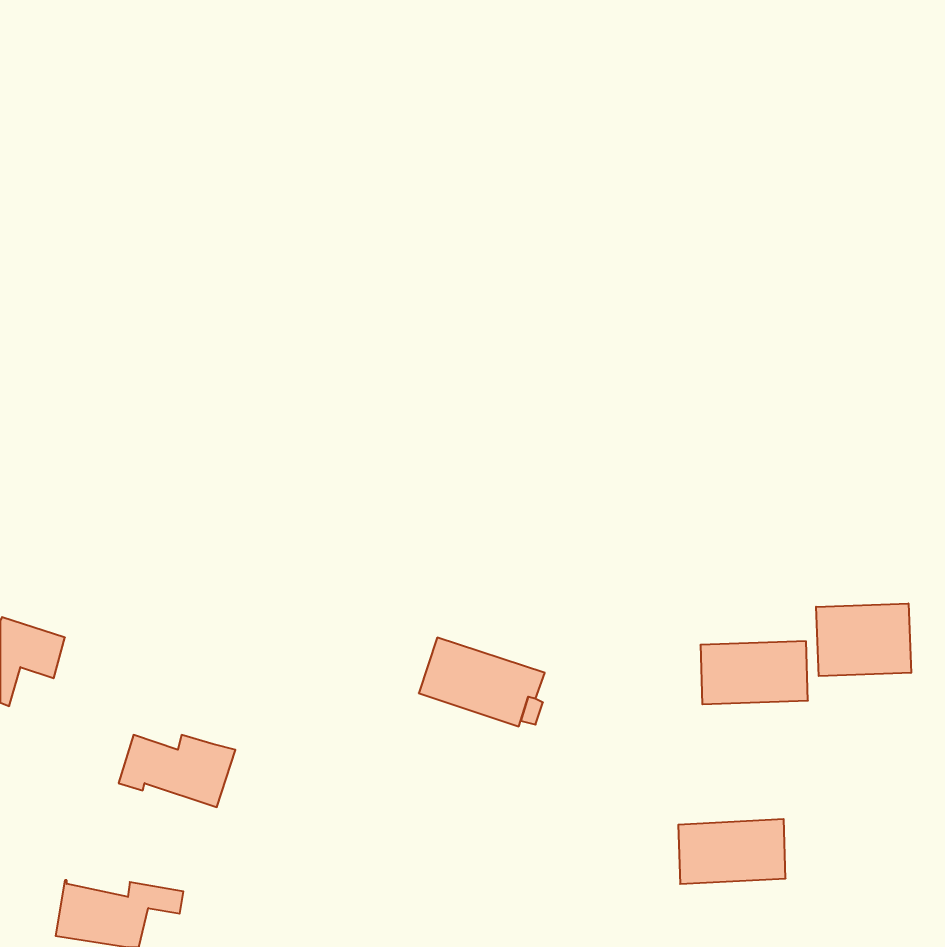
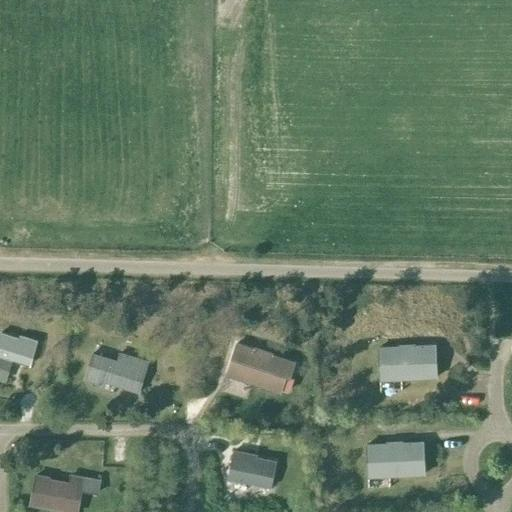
building: [816,603,911,676] -> none
building: [119,735,235,807] -> [86,354,149,393]
building: none -> [229,451,276,487]

